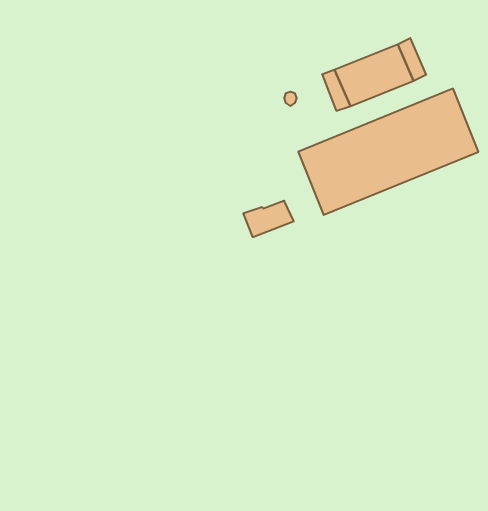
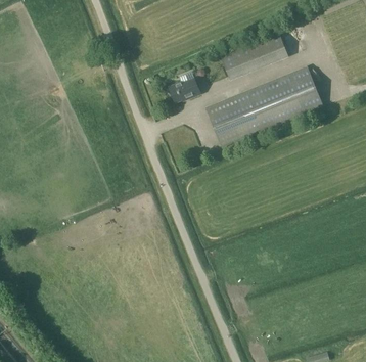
building: [243,201,294,237] -> [168,78,200,101]

